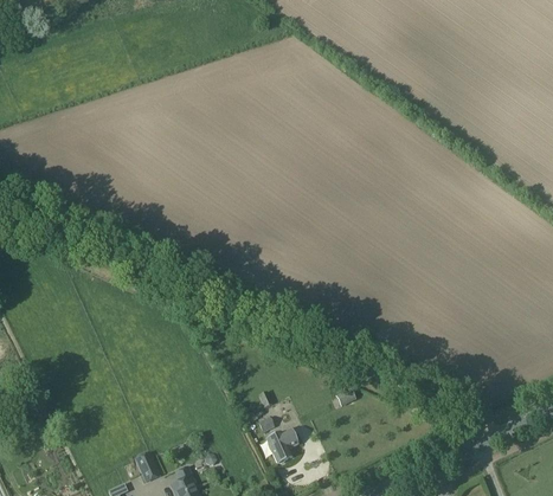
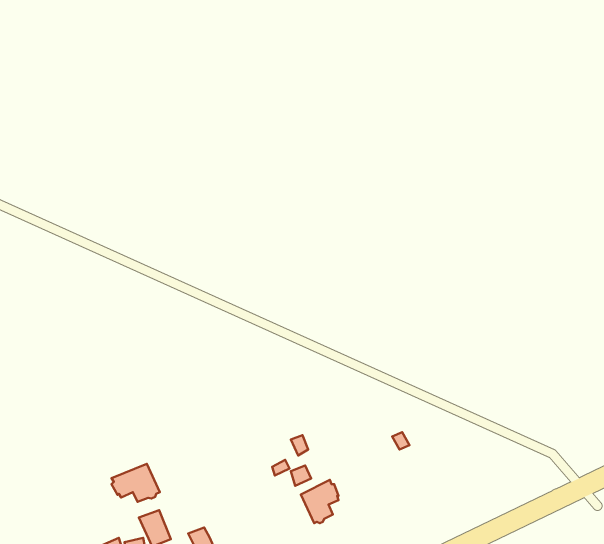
building: none -> [112,464,160,502]

